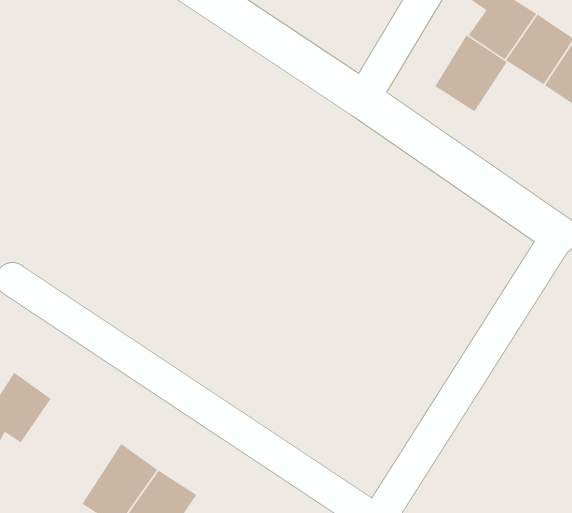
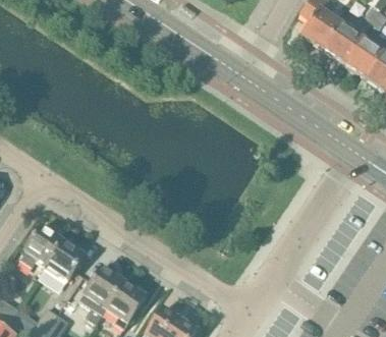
building: [435,35,507,112] -> none
building: none -> [44,239,85,279]

